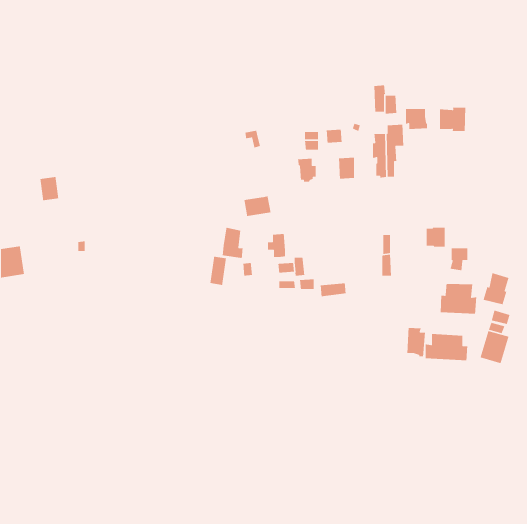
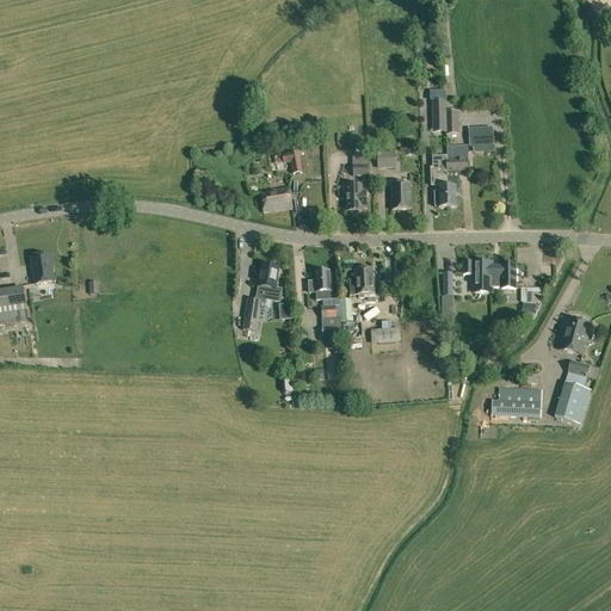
building: [439,107,466,132] -> none
building: [40,176,59,201] -> [31,253,54,282]
building: [244,195,271,217] -> [260,185,292,210]
building: none -> [463,260,493,290]
building: none -> [348,267,375,296]
building: [440,283,477,315] -> none
building: [407,327,426,357] -> none

